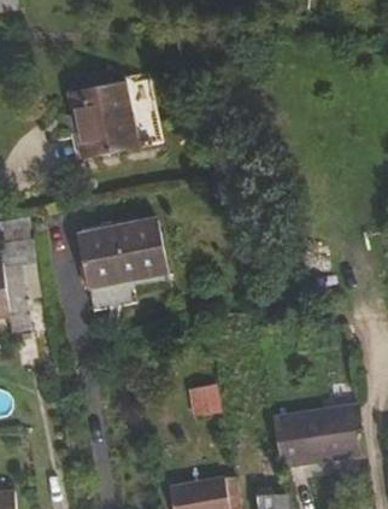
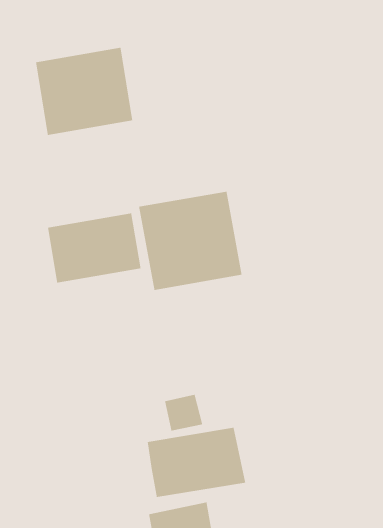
building: none -> [138,191,242,291]
building: [269,393,358,457] -> [147,427,246,498]

